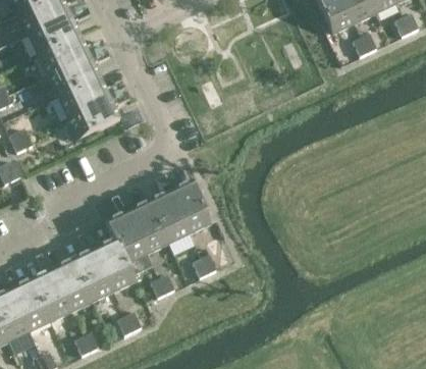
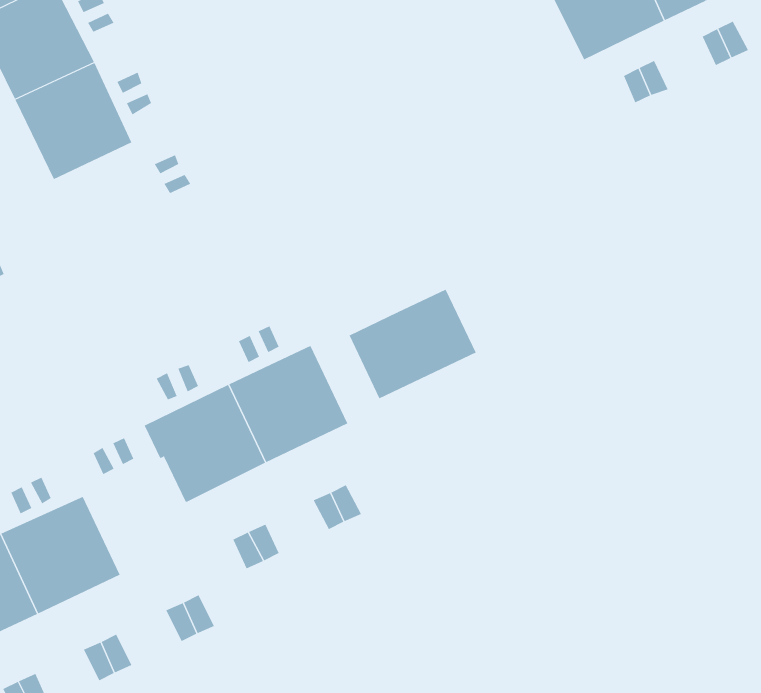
building: [57,76,118,140] -> none
building: none -> [349,289,476,399]
building: [72,240,135,301] -> none

